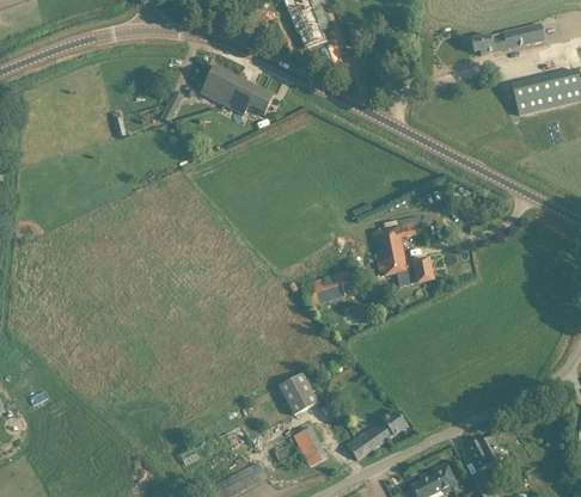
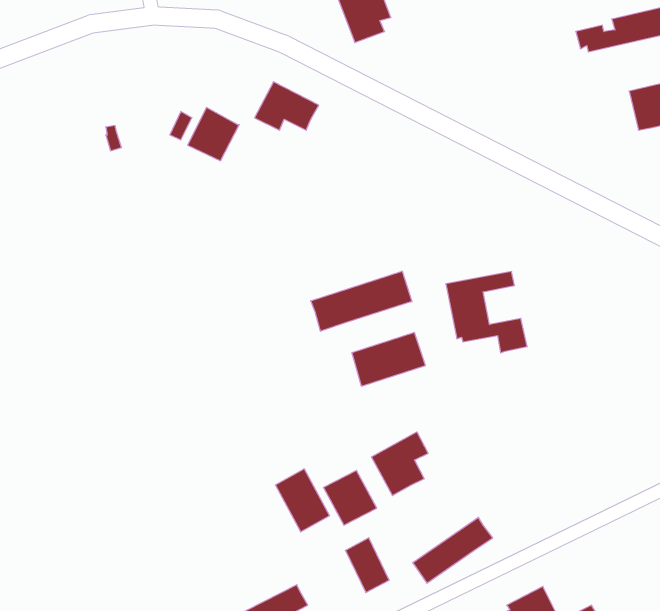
building: [198,65,238,105] -> [188,108,239,161]
building: none -> [311,271,412,331]
building: none -> [372,432,428,496]
building: none -> [275,469,329,532]
building: [464,436,502,471] -> none

